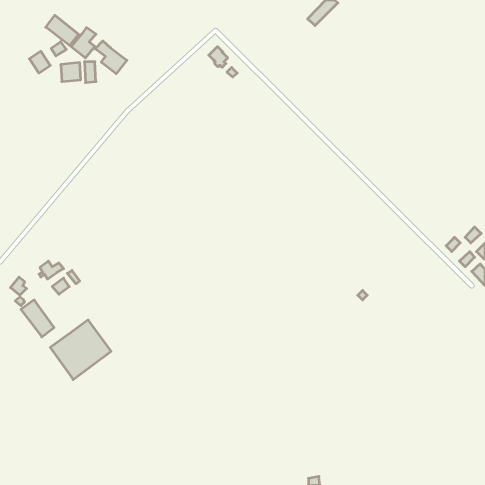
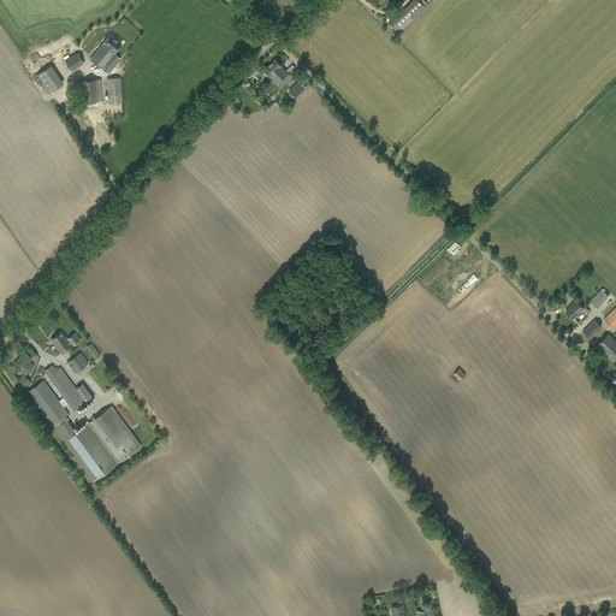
building: [46,15,78,45] -> none
building: [95,41,127,74] -> none
building: none -> [43,365,93,411]

